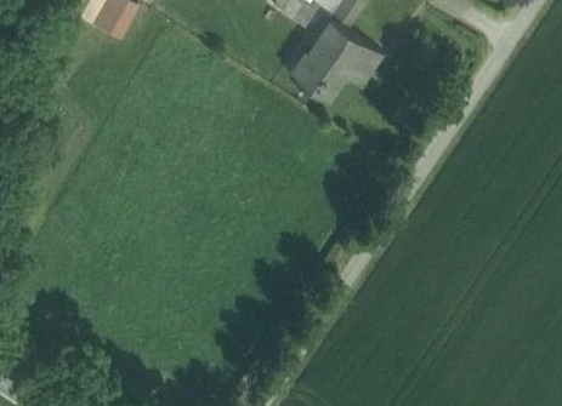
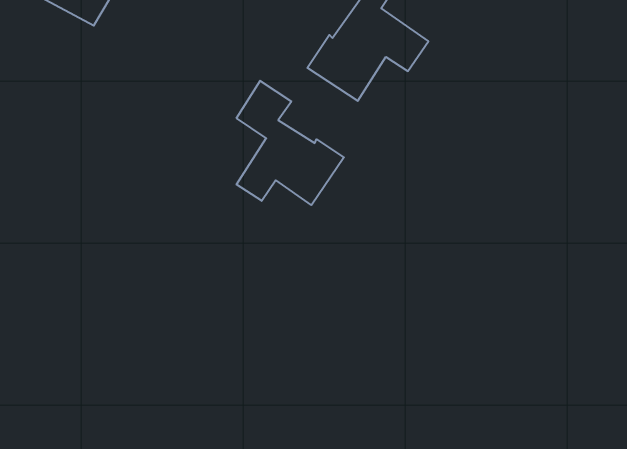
building: none -> [237,81,344,205]

